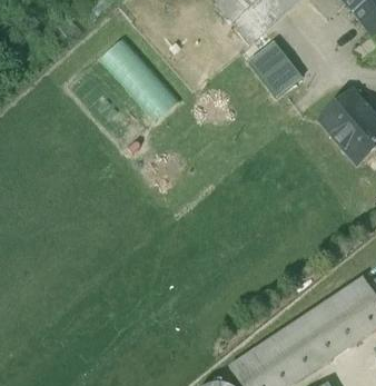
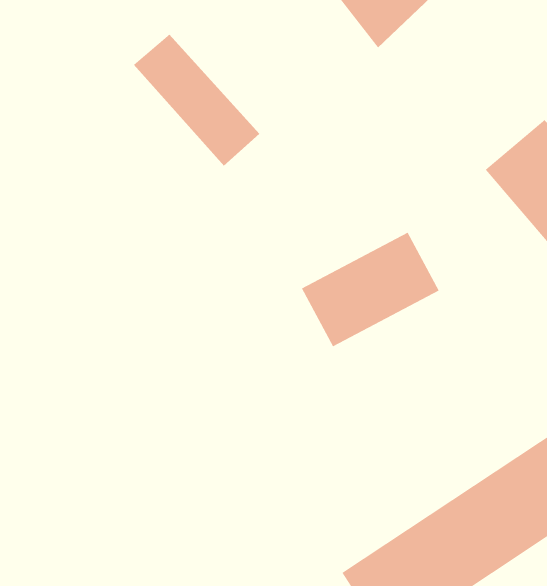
building: [247,41,303,98] -> none
building: none -> [301,232,439,347]

